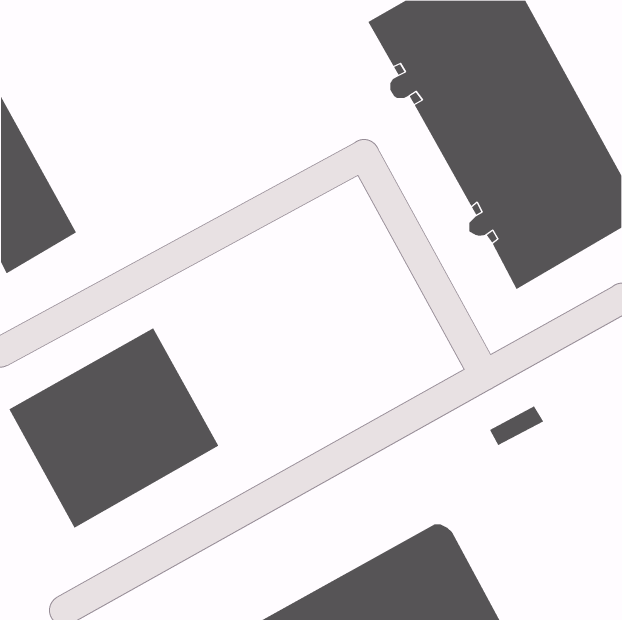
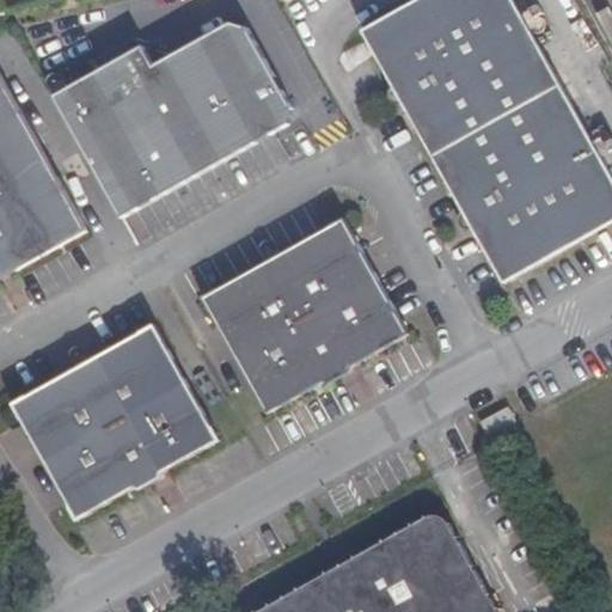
building: none -> [50,18,292,213]
building: none -> [198,218,405,415]

